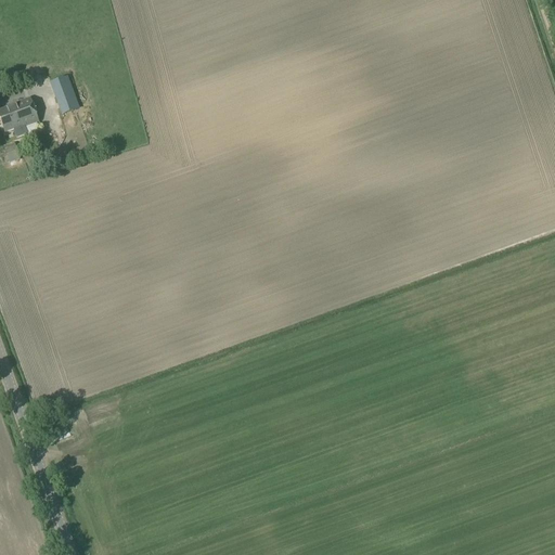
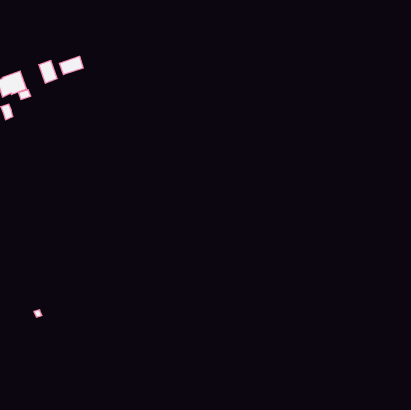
building: none -> [59,56,83,75]

